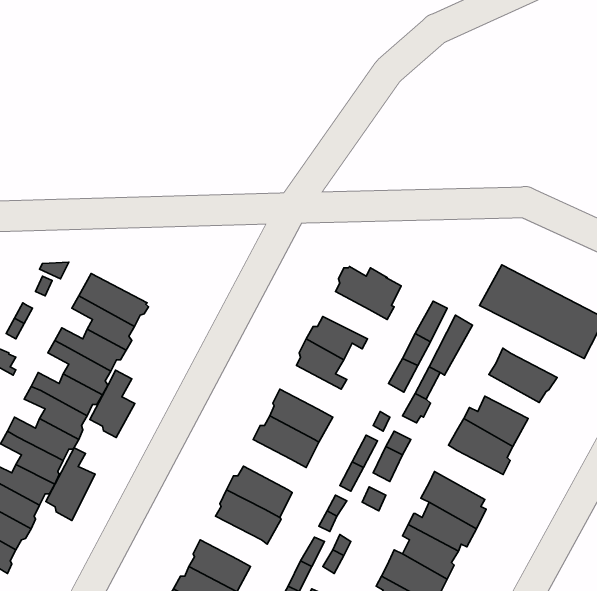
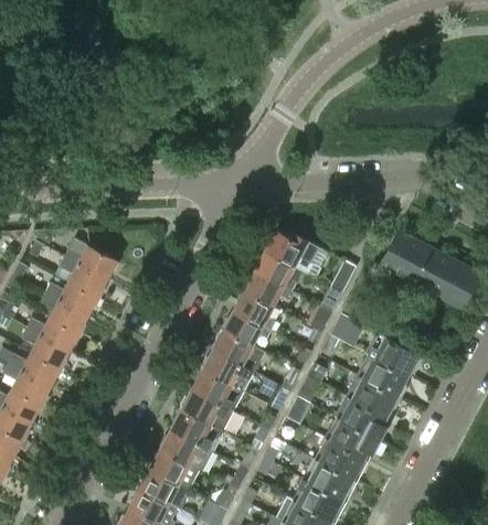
building: none -> [256,253,296,290]
building: [489,348,557,403] -> [344,374,399,417]
building: none -> [222,311,270,345]
building: [90,370,135,437] -> none
building: none -> [193,369,243,411]
building: [46,448,95,520] -> none
building: none -> [159,430,212,471]

